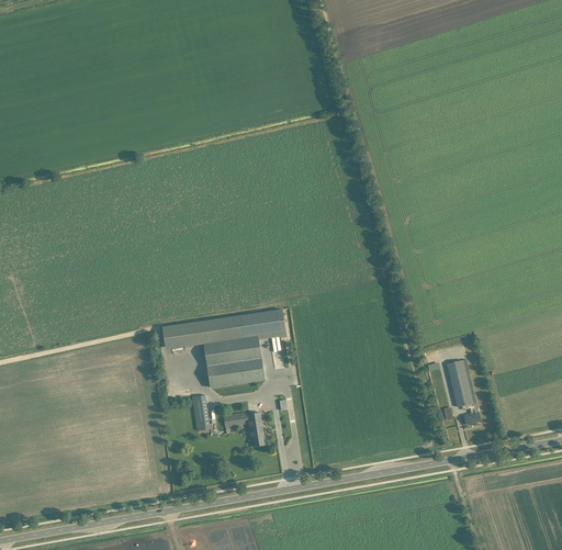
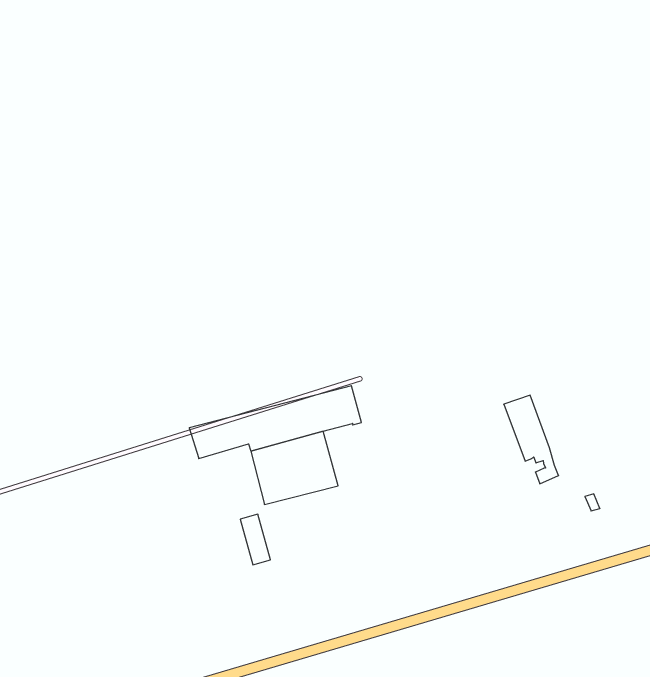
building: [446,360,480,425] -> [504,395,559,484]
building: [223,413,263,446] -> none

